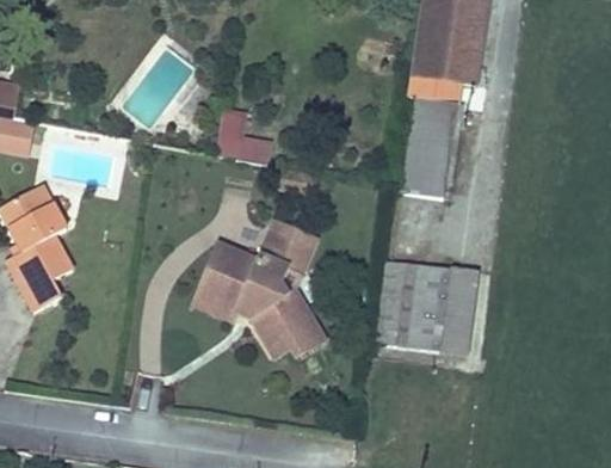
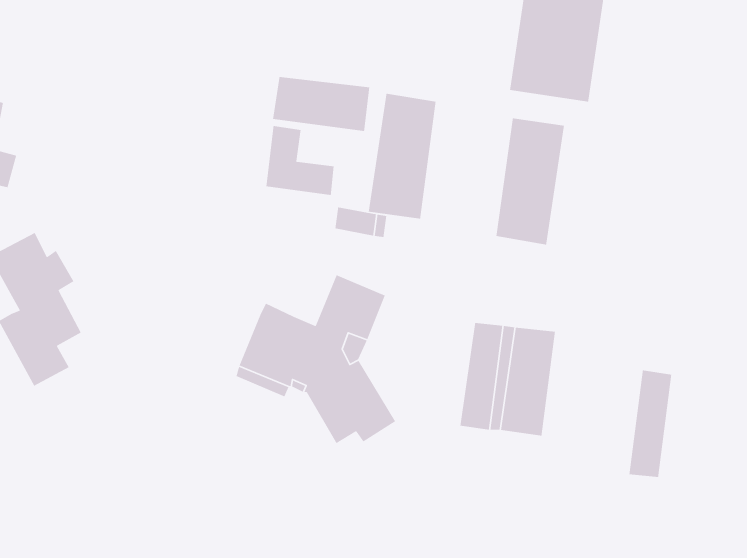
building: none -> [272,76,370,132]
building: none -> [368,93,436,219]
building: [443,269,477,355] -> [629,370,672,478]

